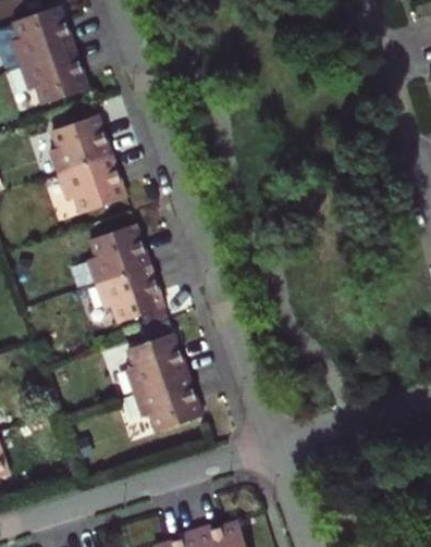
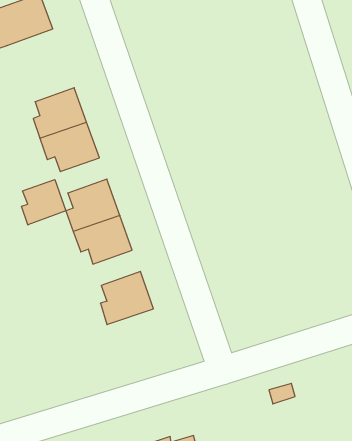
building: [20,47,89,104] -> none
building: none -> [22,180,66,225]
building: [137,373,207,430] -> none

